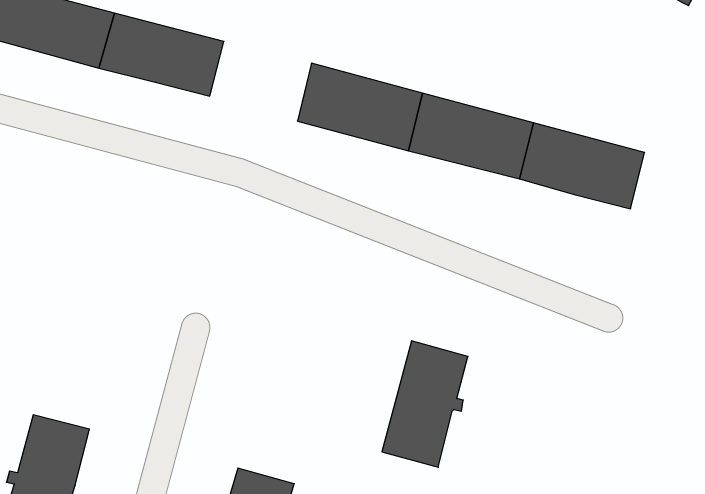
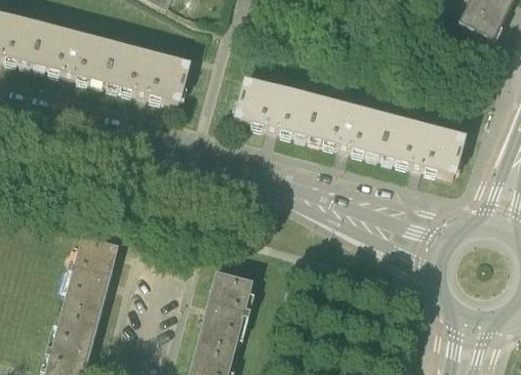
building: none -> [63,236,119,319]
building: [382,341,468,467] -> [197,272,253,355]

